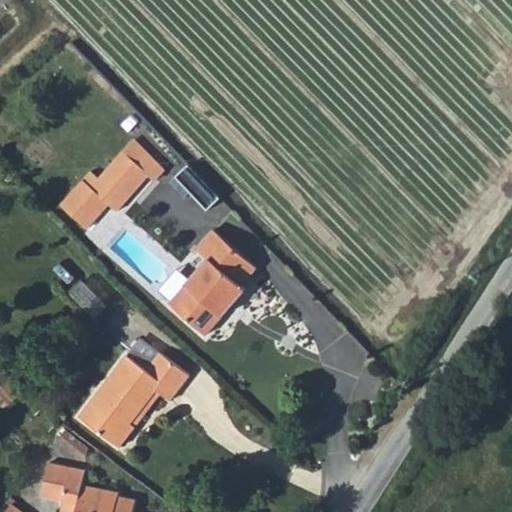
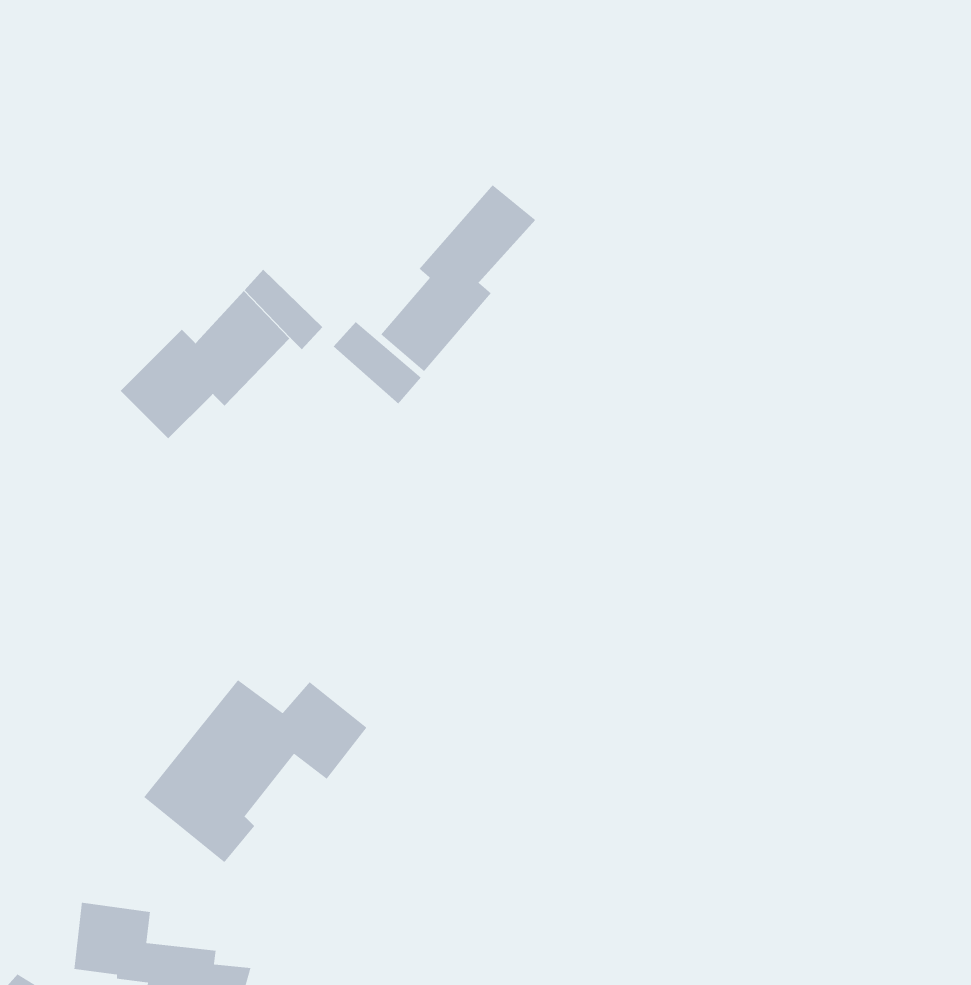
building: none -> [380,184,536,372]
building: [172,230,258,331] -> none

